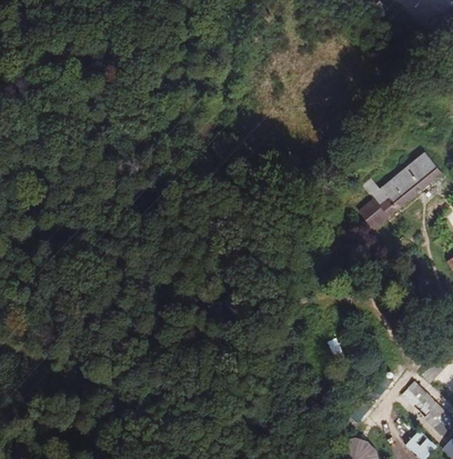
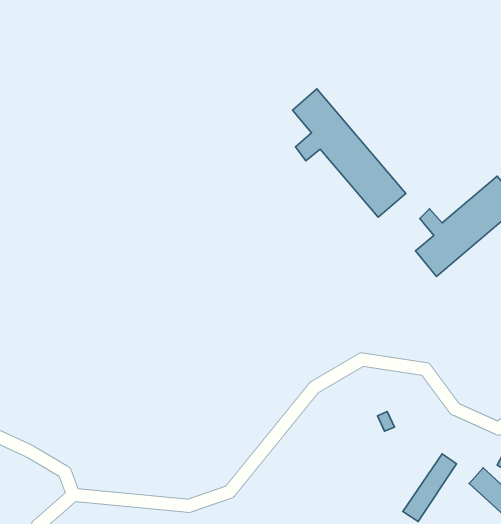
building: none -> [292,89,406,217]

